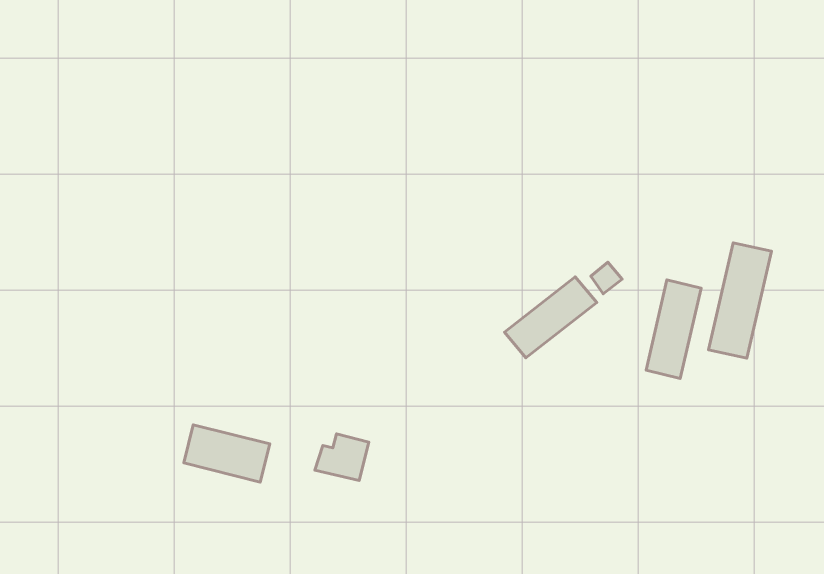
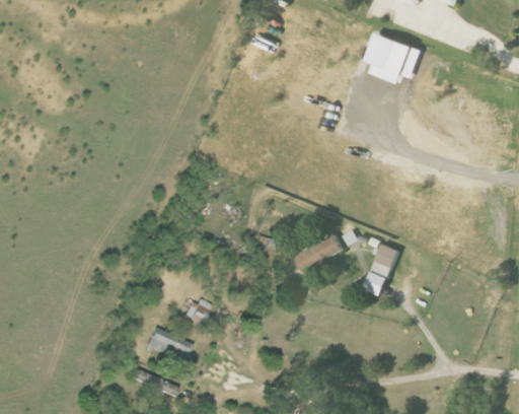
building: [708,243,771,358] -> none
building: [184,425,270,482] -> [144,326,191,361]

